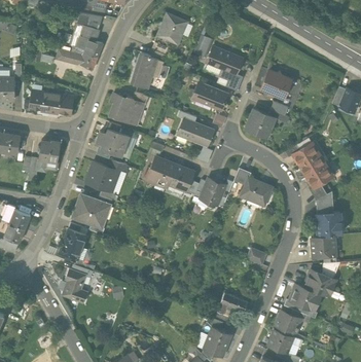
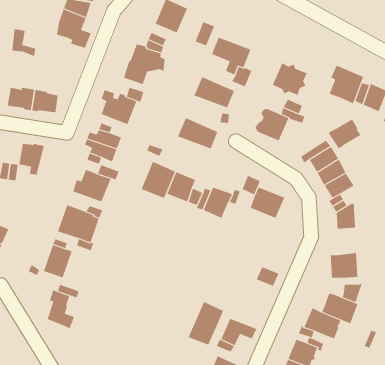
building: [57,45,97,69] -> none
building: none -> [329,65,364,104]
building: none -> [328,119,362,150]
building: [316,214,341,238] -> none
building: none -> [188,301,224,346]

